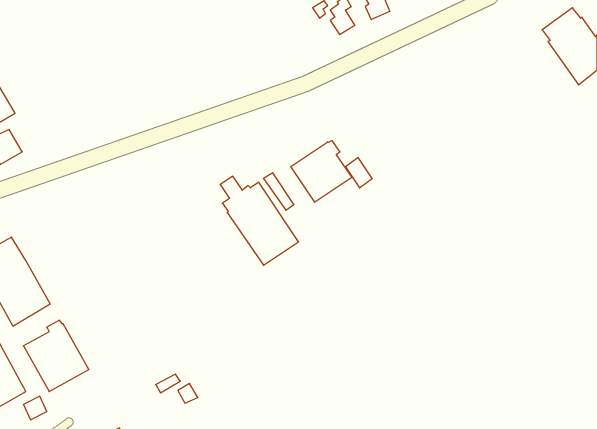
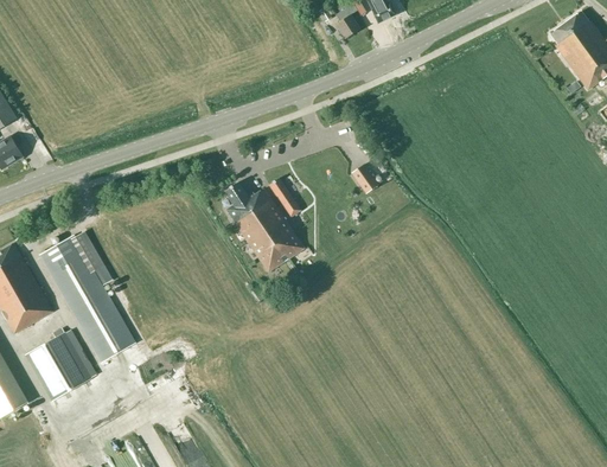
building: [291,141,352,202] -> none
building: none -> [39,229,136,362]

